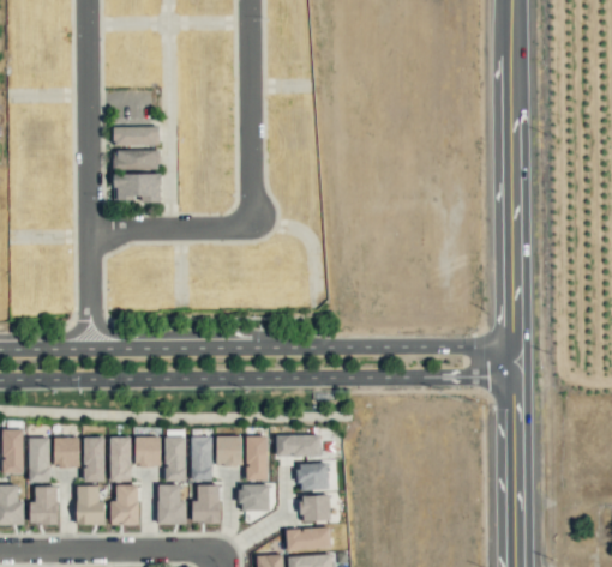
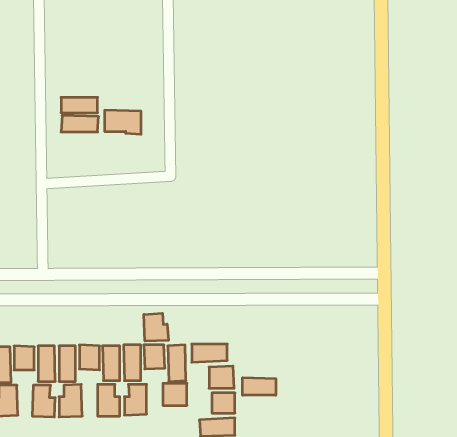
building: [115,173,161,203] -> [105,110,141,134]
building: none -> [144,313,168,341]
building: none -> [243,378,276,395]

